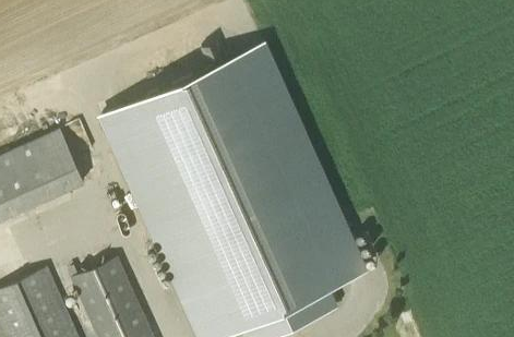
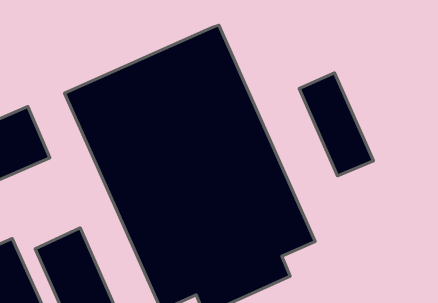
building: none -> [299,73,374,176]

